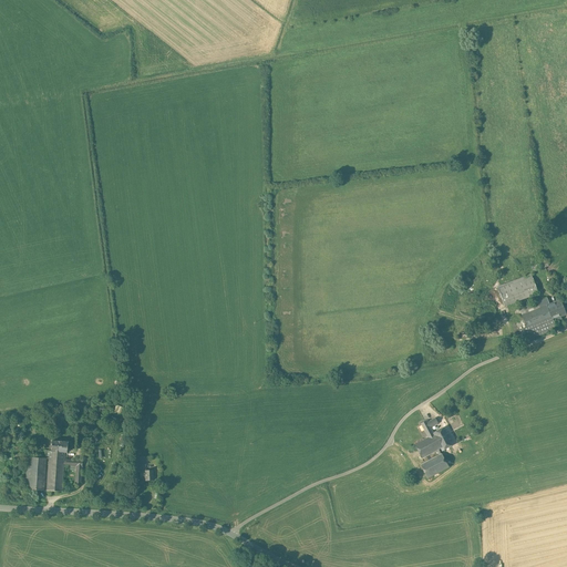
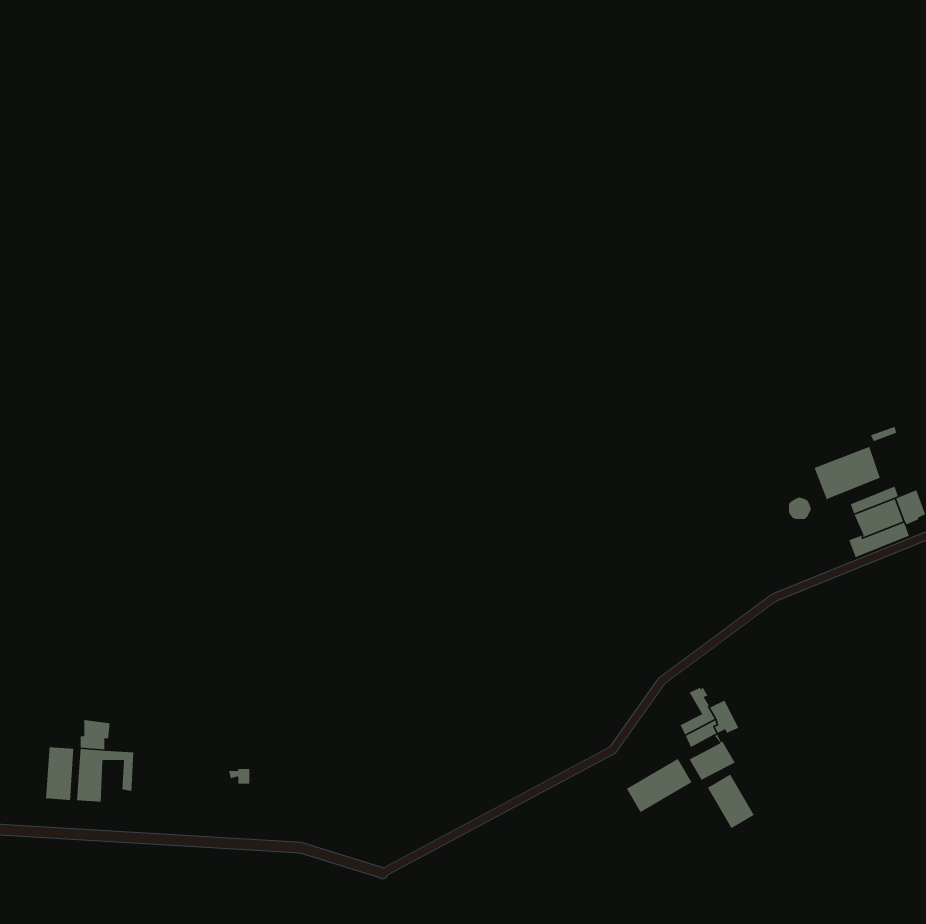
building: none -> [626,758,693,813]
building: none -> [707,773,755,829]

